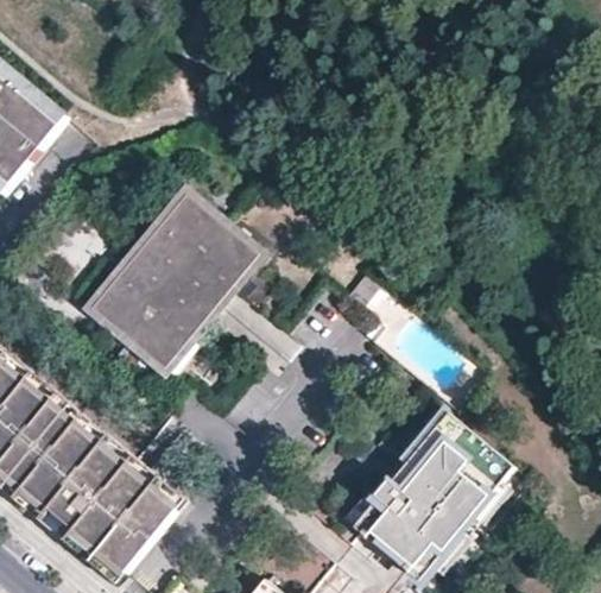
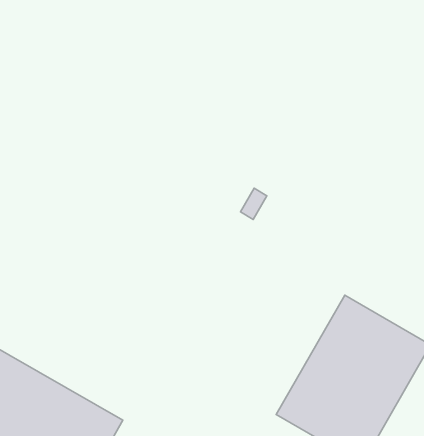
building: [86,196,253,371] -> none

